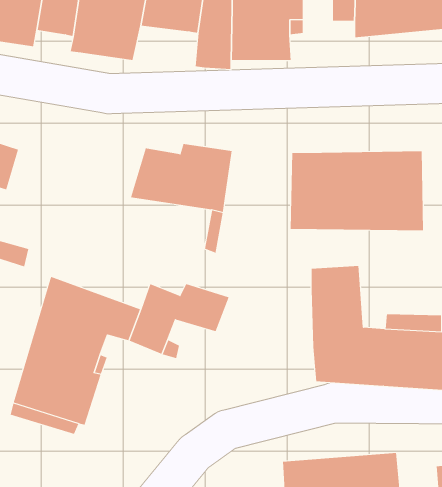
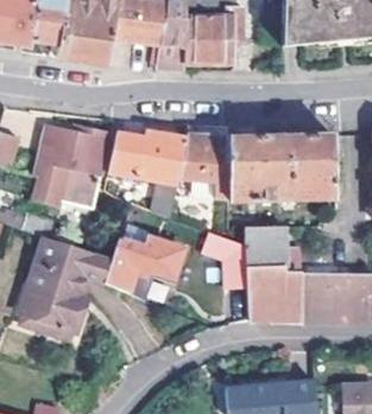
building: none -> [31,126,108,208]
building: none -> [179,135,232,197]
building: none -> [206,233,248,291]

